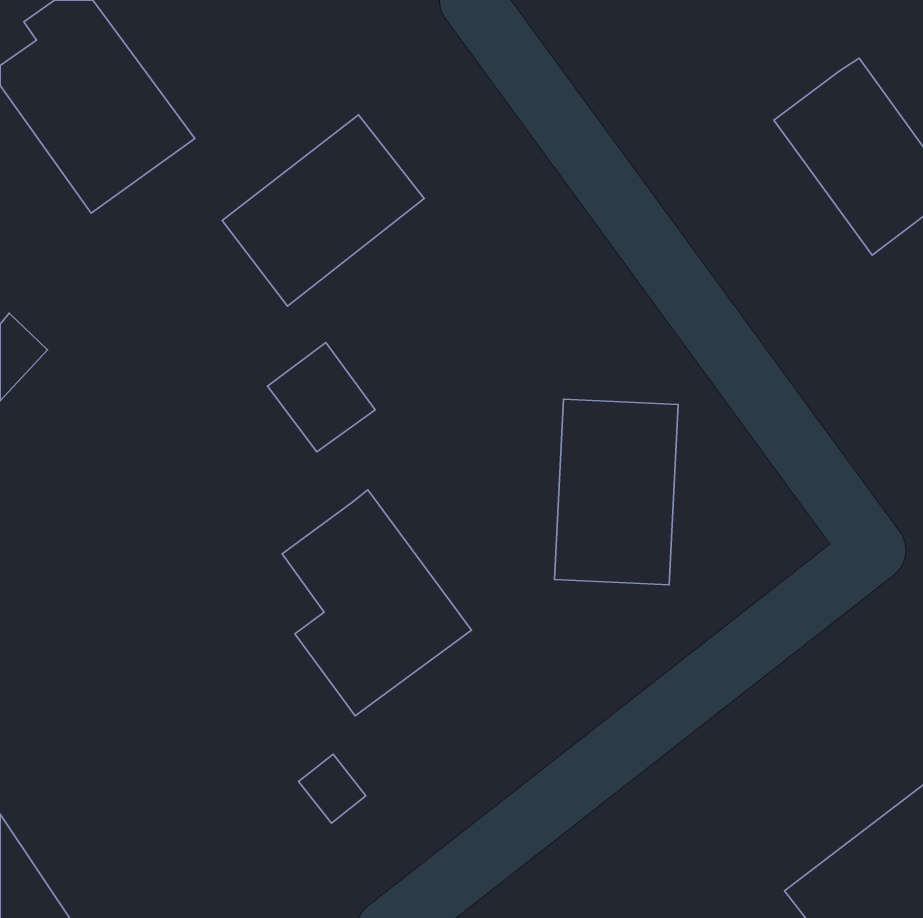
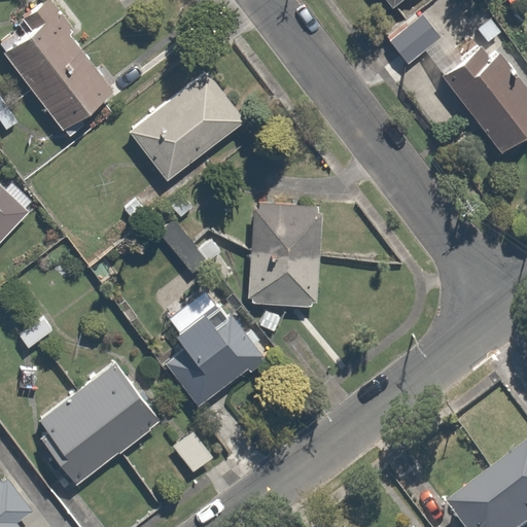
building: none -> [386,12,443,68]
building: [554,399,678,585] -> [247,206,317,311]
building: none -> [32,359,159,484]

